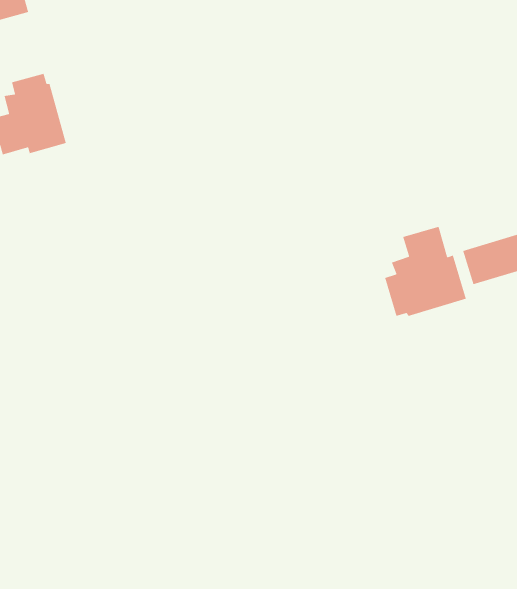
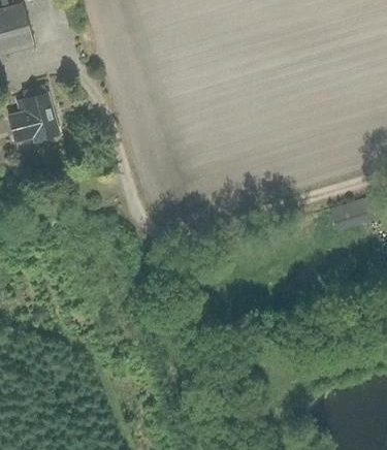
building: [384,226,467,317] -> none

